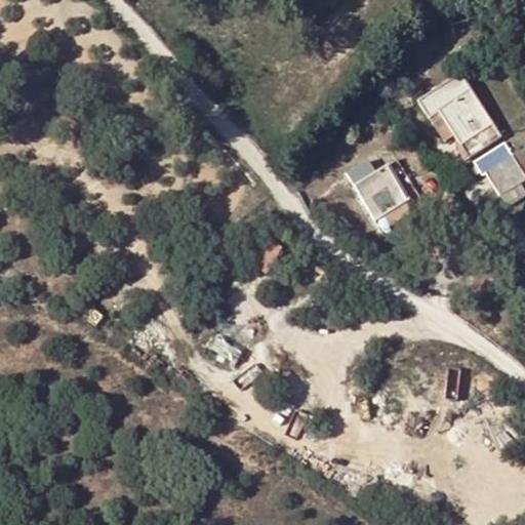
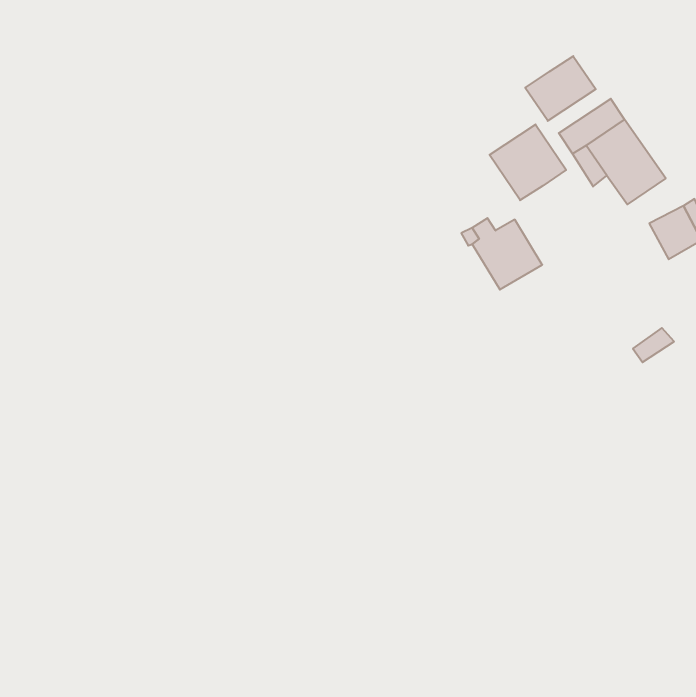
building: none -> [525,56,596,121]
building: none -> [490,124,566,200]

